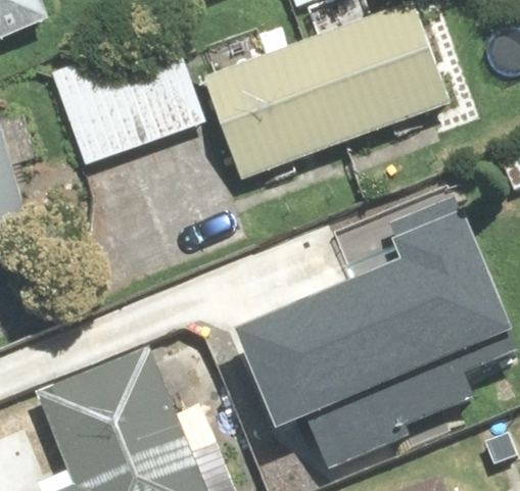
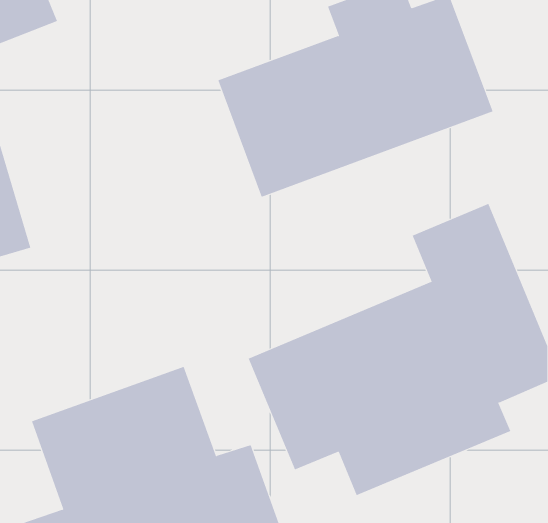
building: [45,24,210,169] -> none

